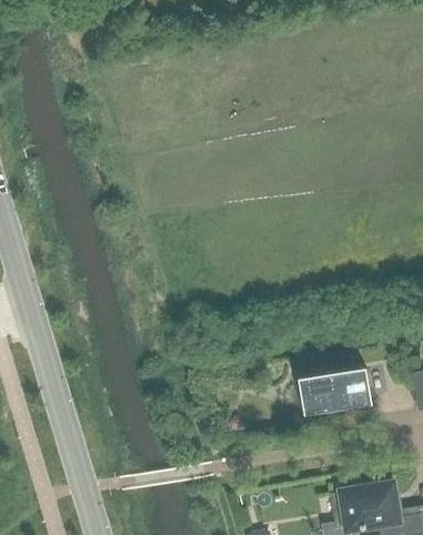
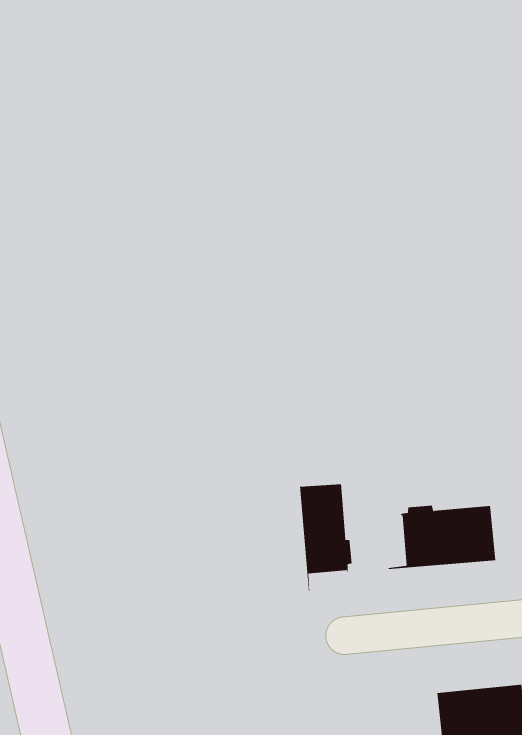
building: none -> [300,483,352,592]

